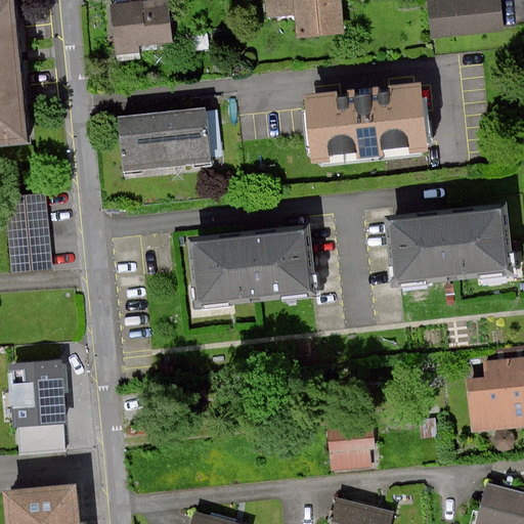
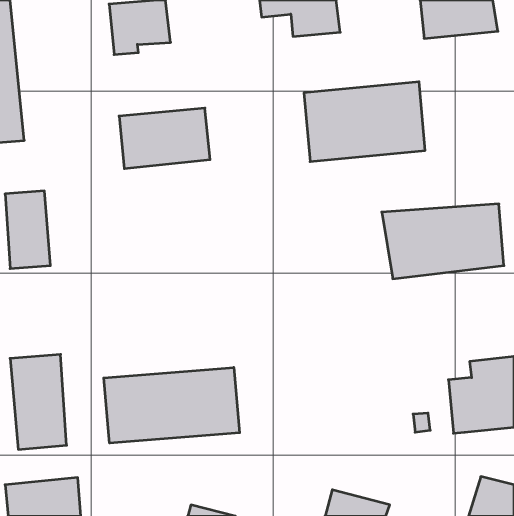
building: [189,223,324,310] -> none
building: none -> [104,367,240,443]
building: [329,426,375,470] -> none

